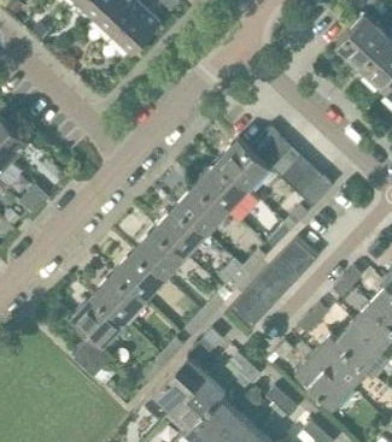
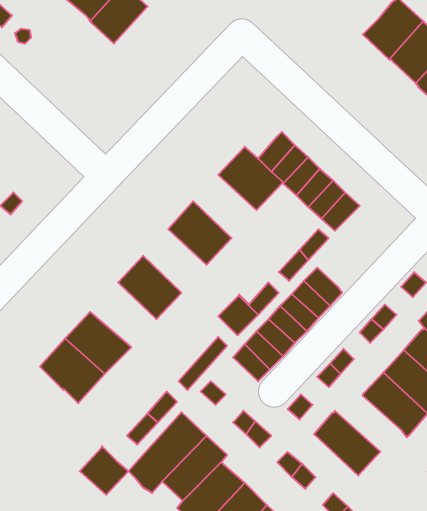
building: [197,161,248,213] -> none
building: [156,206,207,258] -> none
building: [112,249,166,302] -> none
building: [312,335,367,388] -> none
building: [72,336,112,376] -> [80,446,128,495]

